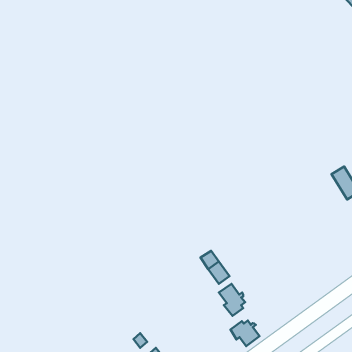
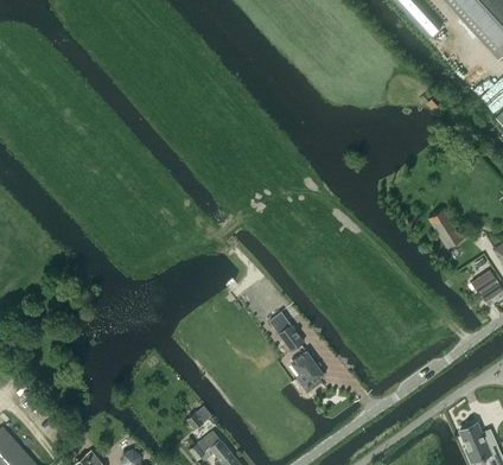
building: [230,320,259,346] -> none

